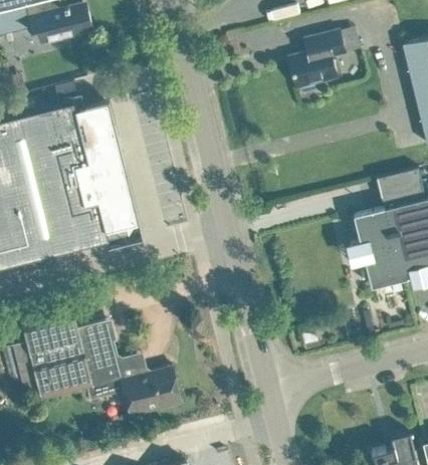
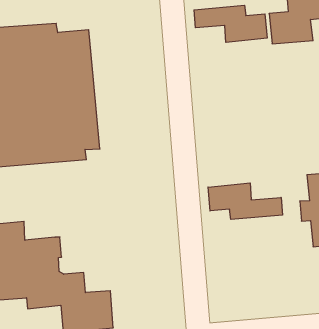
building: none -> [194,5,267,42]
building: none -> [208,183,282,219]

